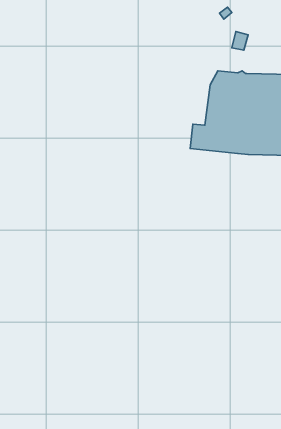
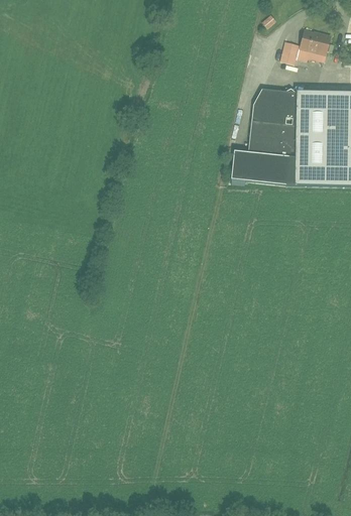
building: none -> [301,29,331,53]

